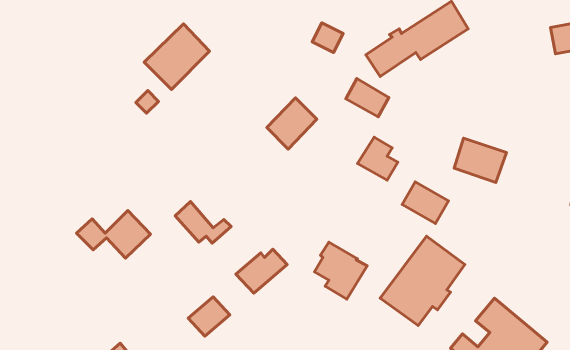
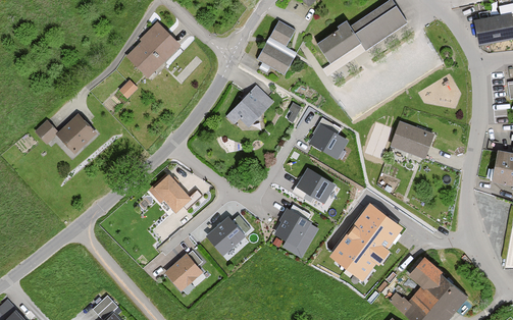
building: [346,79,389,117] -> [259,42,296,74]
building: [402,182,449,224] -> [295,168,335,204]
building: [77,210,151,258] -> [34,111,97,152]

